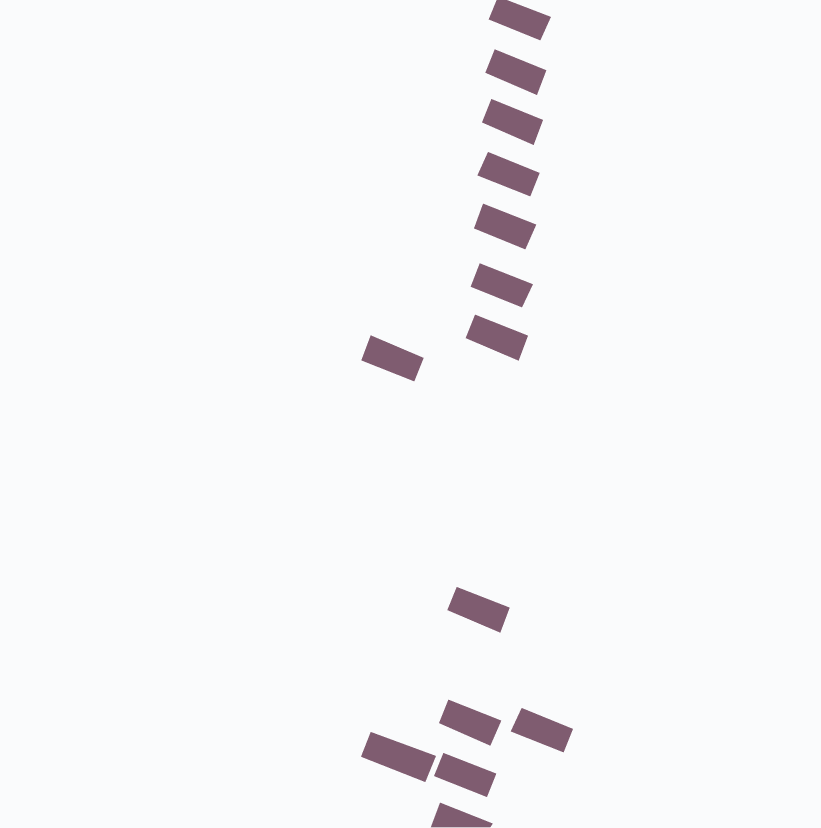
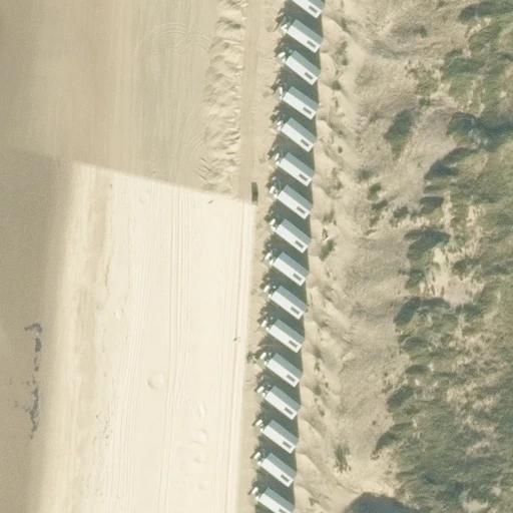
building: [360,334,425,382] -> [279,219,318,248]
building: none -> [277,252,316,281]
building: none -> [275,287,314,316]
building: none -> [272,321,311,349]
building: [510,707,574,753] -> [267,386,306,414]
building: [360,731,437,783] -> none

